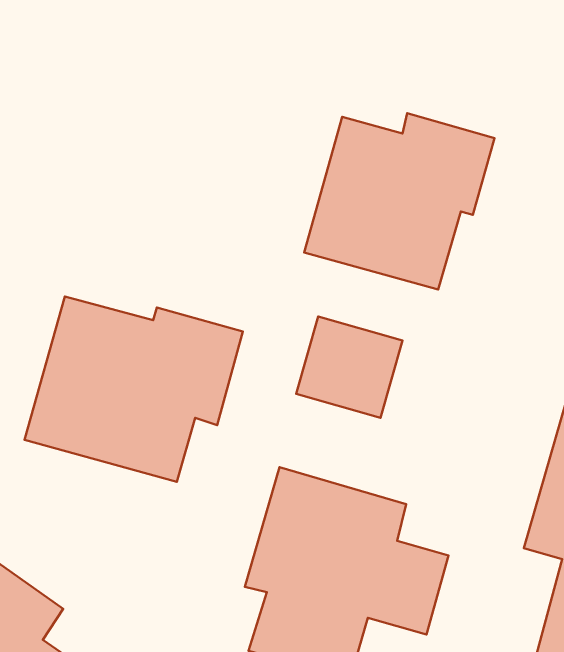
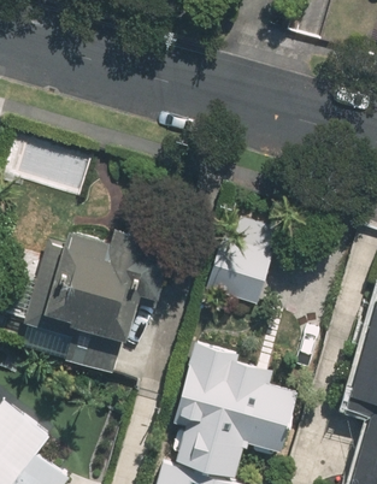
building: [304,113,495,290] -> none

